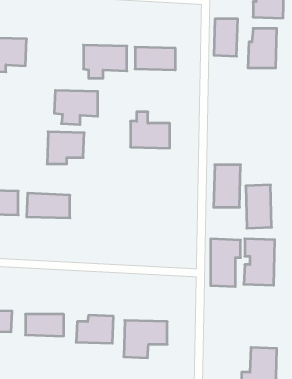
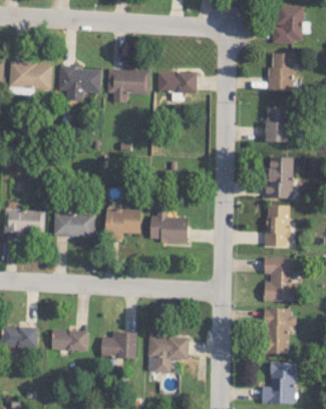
building: [214,19,238,56] -> [265,106,288,142]
building: [54,90,98,125] -> [58,67,100,100]
building: [130,112,170,148] -> [149,207,188,242]
building: [47,132,84,164] -> [104,209,140,240]
building: [214,165,241,207] -> [267,157,293,198]
building: [211,239,241,287] -> [264,308,293,354]

